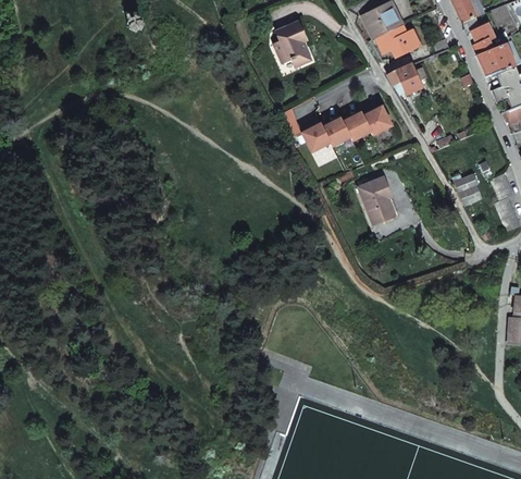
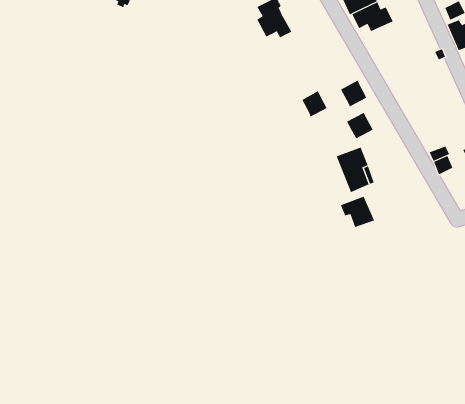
building: [387,63,426,95] -> none
building: [343,112,371,140] -> [346,112,373,139]
building: [302,123,331,151] -> none
building: none -> [340,196,375,228]

